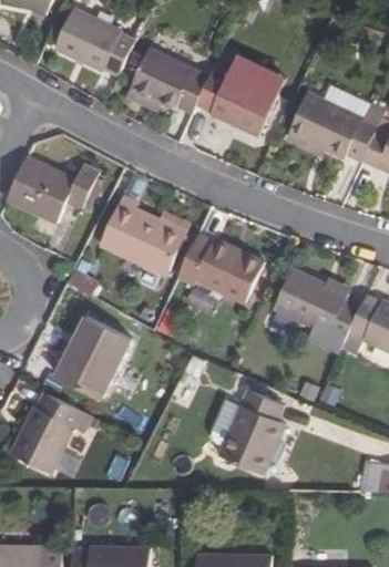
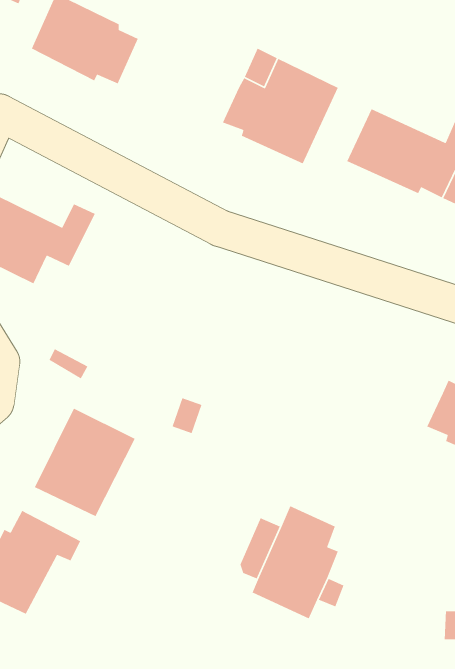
building: [130,49,208,114] -> none
building: [100,196,186,274] -> none
building: [176,235,264,307] -> none
building: [273,267,361,353] -> none

